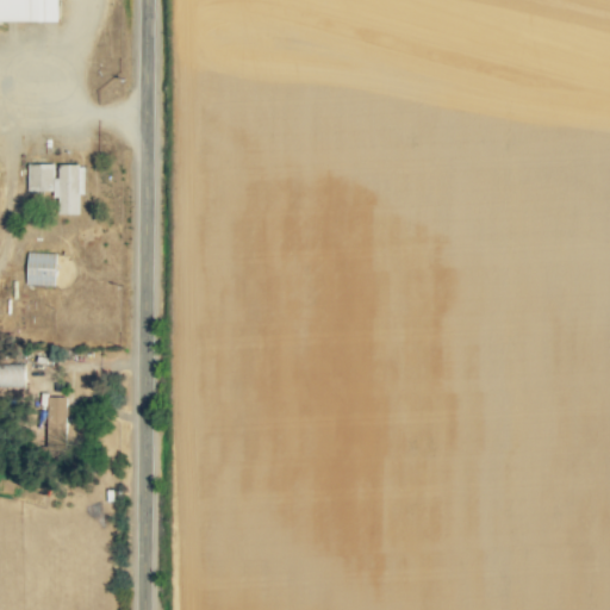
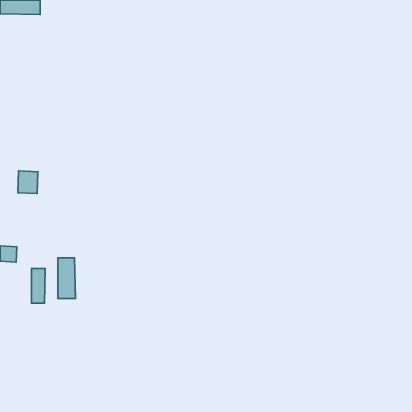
building: [27,164,85,214] -> none
building: none -> [58,258,75,299]

